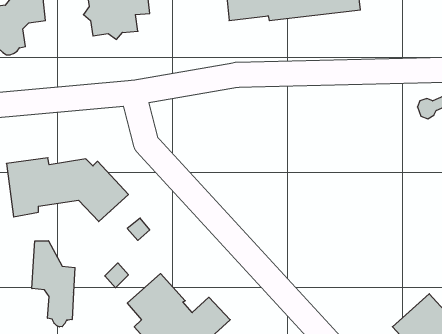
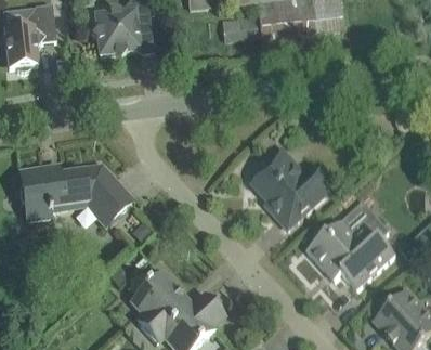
building: none -> [252,148,334,229]
building: none -> [306,221,394,289]
building: [32,241,75,327] -> none

